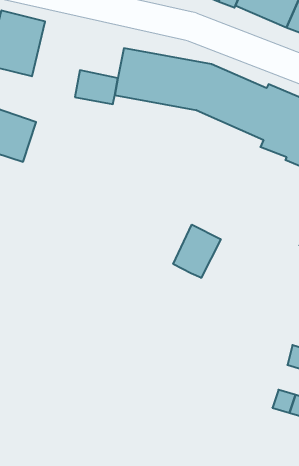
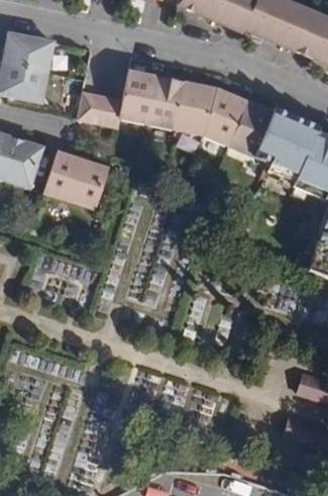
building: none -> [42,151,107,208]
building: [173,225,221,278] -> none

